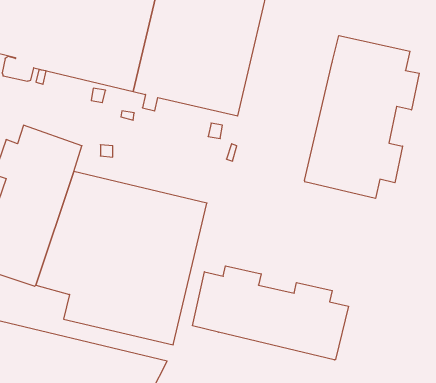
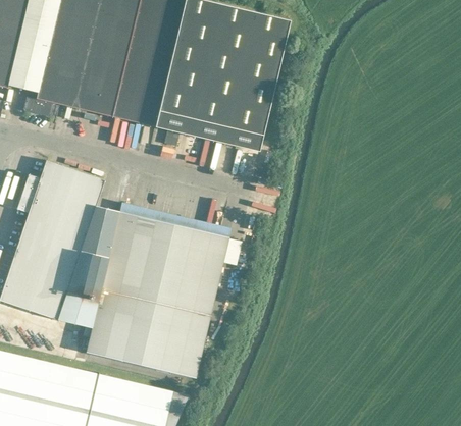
building: [305,36,419,198] -> none
building: [193,266,348,360] -> none

